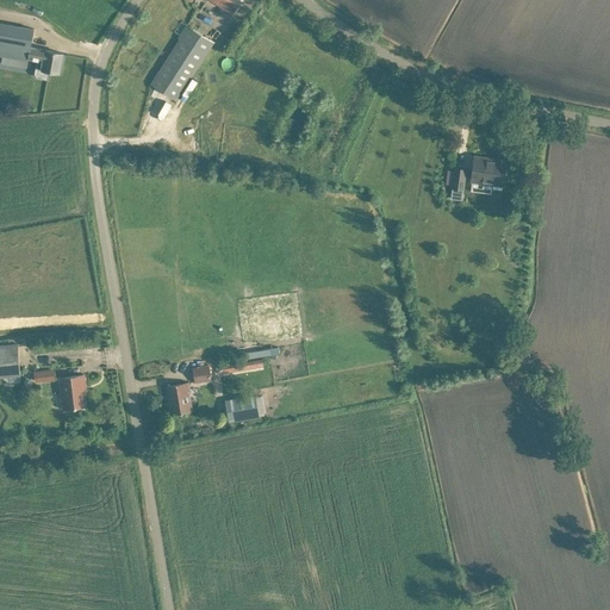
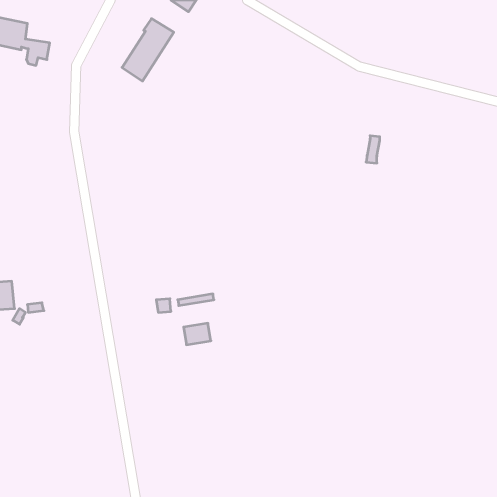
building: [467,160,504,189] -> none
building: [61,376,83,411] -> none
building: [164,385,191,415] -> none

